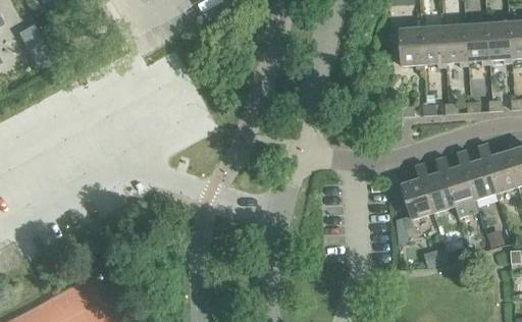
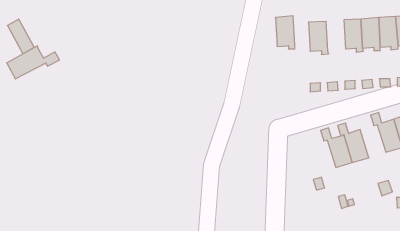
building: [421,25,446,67] -> [275,16,295,49]
building: none -> [7,46,59,79]
building: [456,149,497,200] -> none
building: [401,177,433,219] -> none

